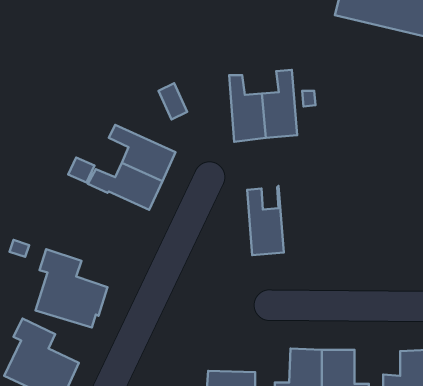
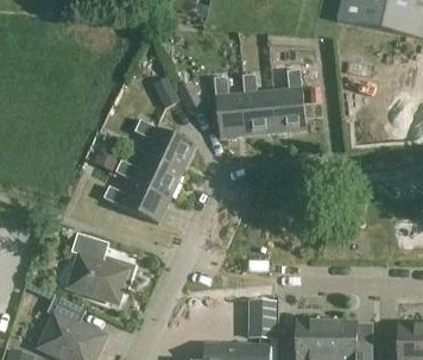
building: [247,186,284,255] -> [213,72,246,135]
building: none -> [102,178,169,221]
building: none -> [241,293,270,331]

